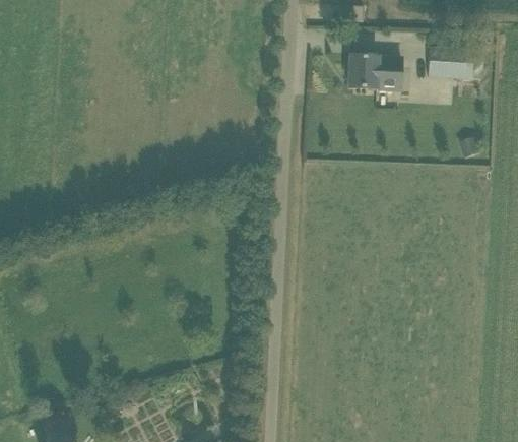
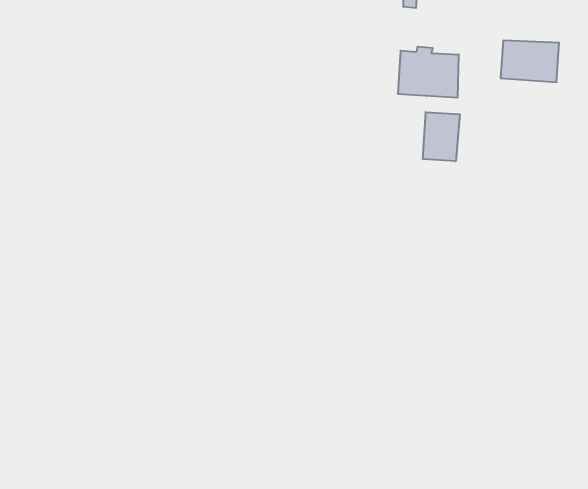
building: none -> [423,112,460,161]

